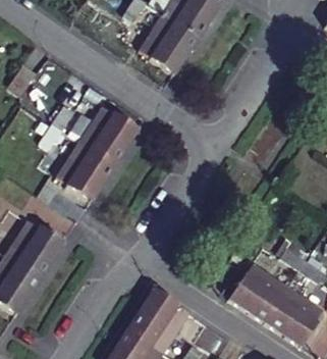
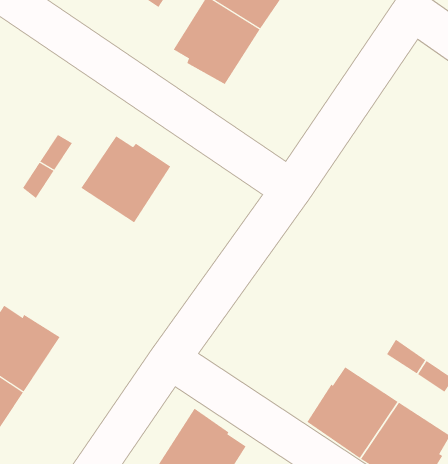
building: [56,143,114,202] -> none

